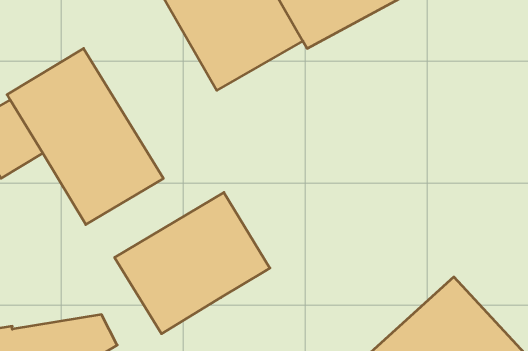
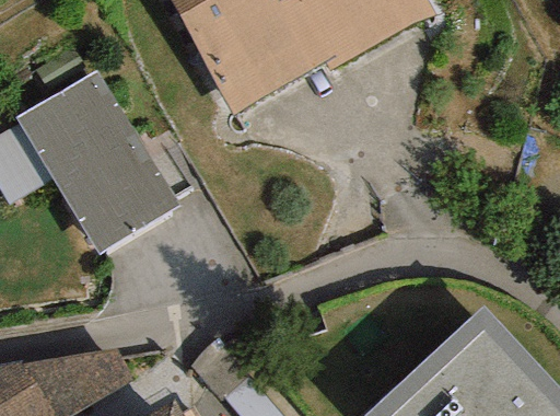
building: [115,192,270,334] -> none

